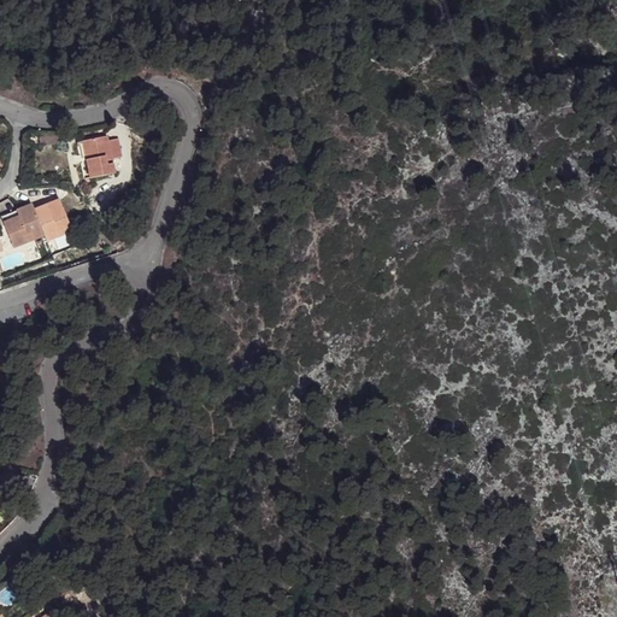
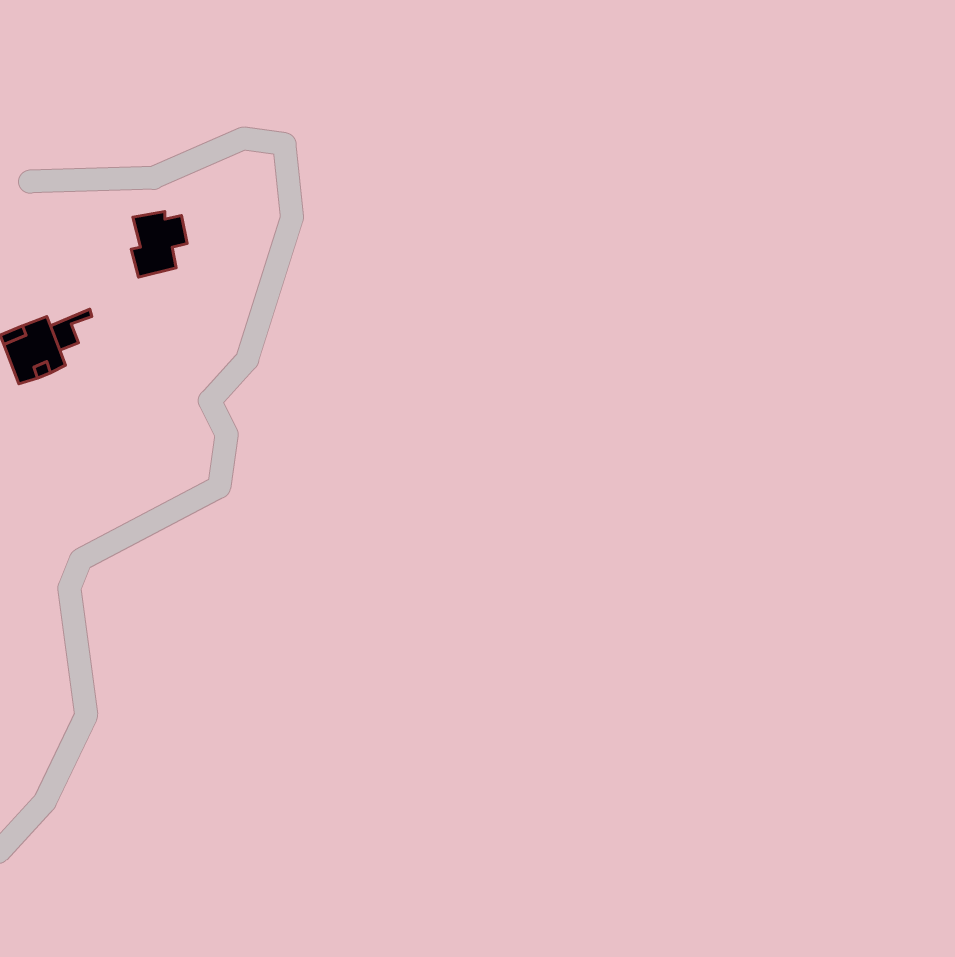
building: [39,204,70,236] -> none

